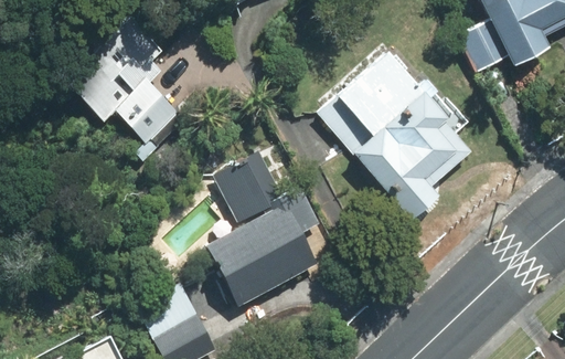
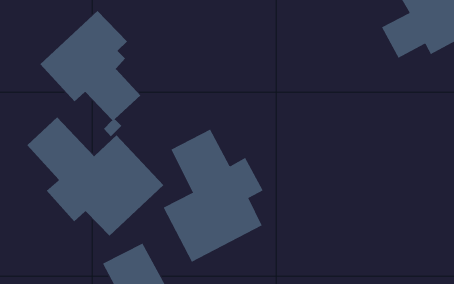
building: [317,51,472,221] -> none
building: none -> [26,117,164,236]

